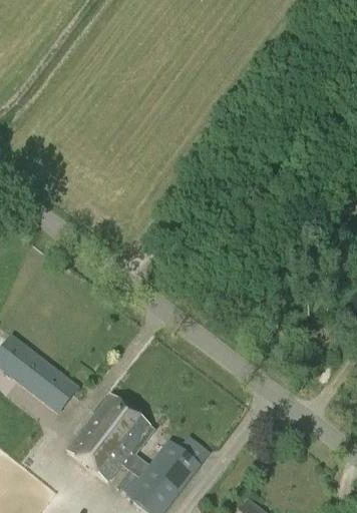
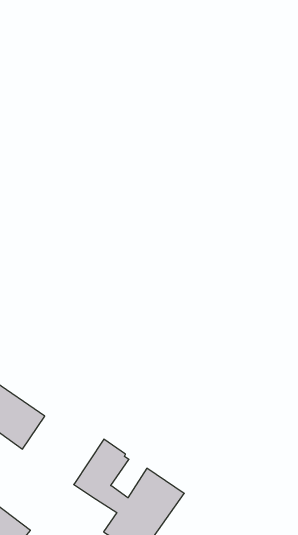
building: [68,394,131,480] -> none

